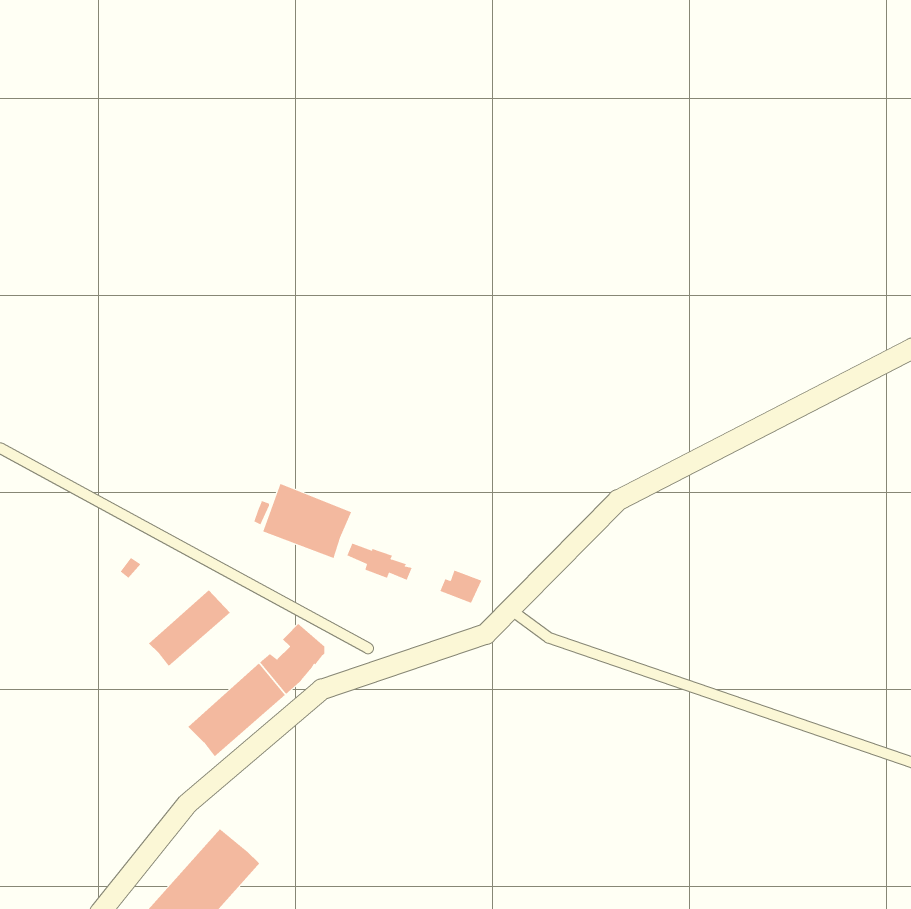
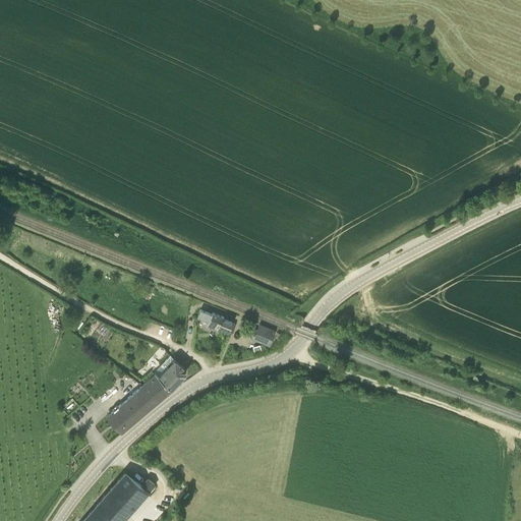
building: [263,483,352,559] -> none
building: [148,589,231,667] -> none

